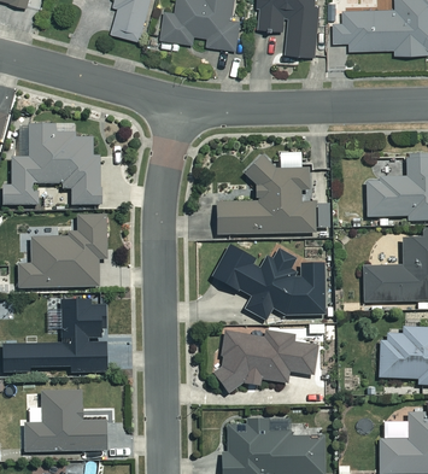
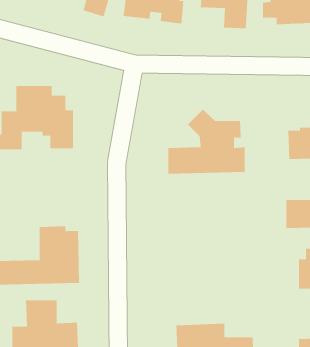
building: [17,215,107,289] -> none
building: [207,241,322,320] -> none
building: [211,330,315,392] -> none

